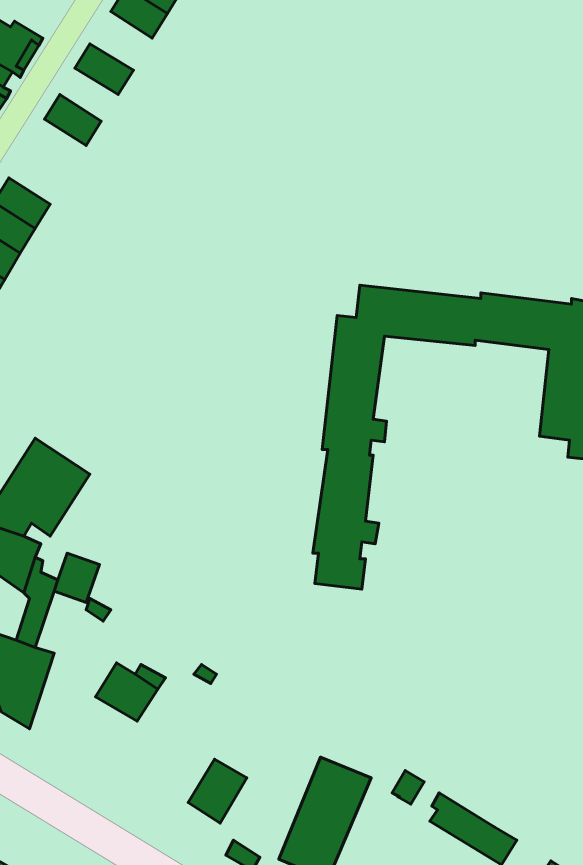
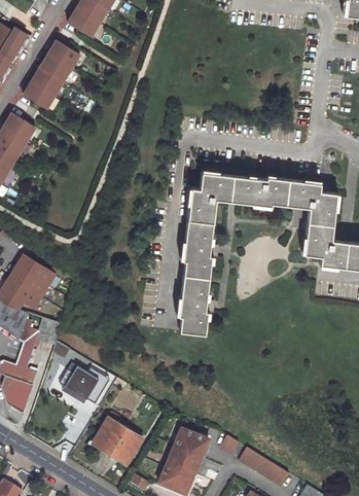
building: none -> [39,52,71,81]
building: none -> [23,80,53,108]
building: none -> [92,413,123,453]

